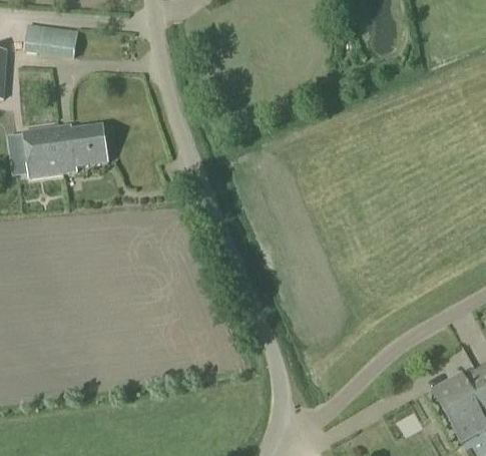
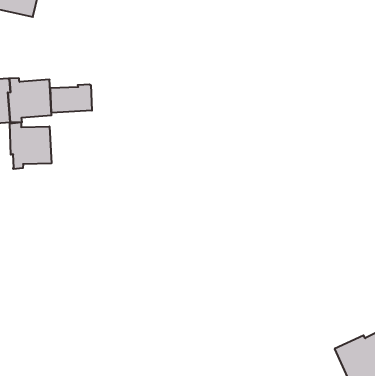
building: none -> [51,84,92,113]
building: none -> [10,122,51,169]

